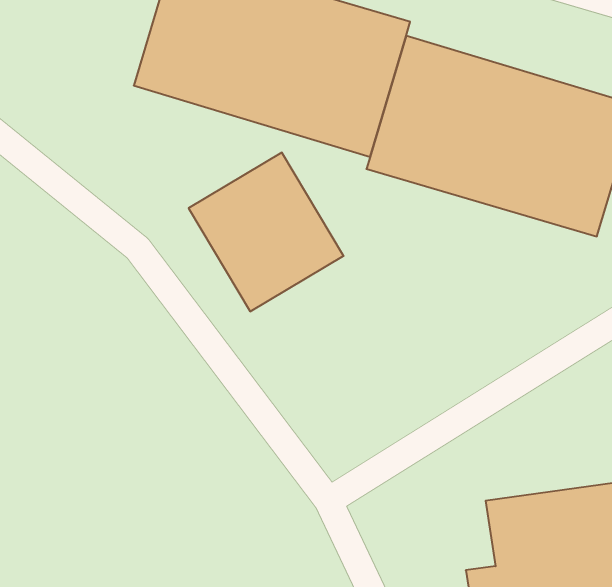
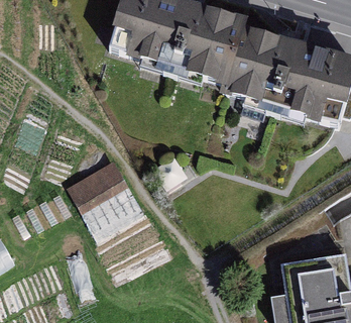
building: [189,153,344,311] -> [66,160,144,241]

